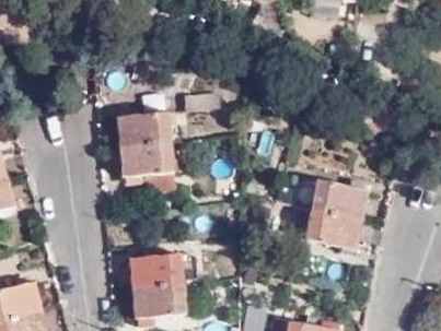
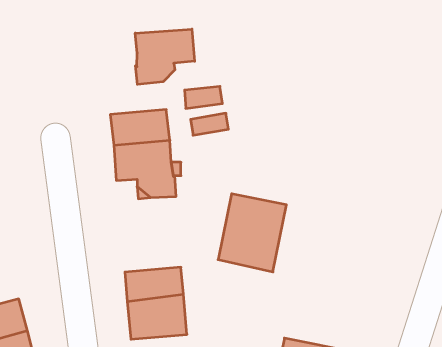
building: none -> [135,29,195,84]
building: [304,180,365,250] -> [218,194,286,272]

